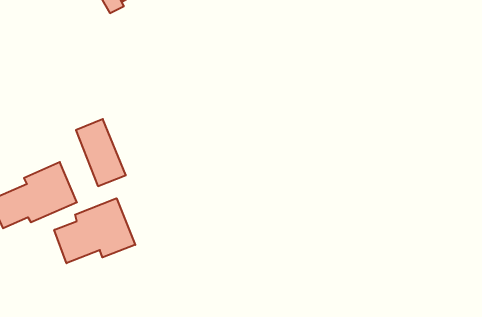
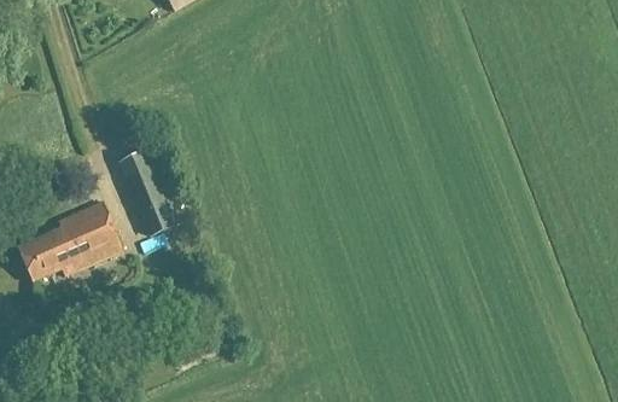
building: [54,198,135,263] -> none

